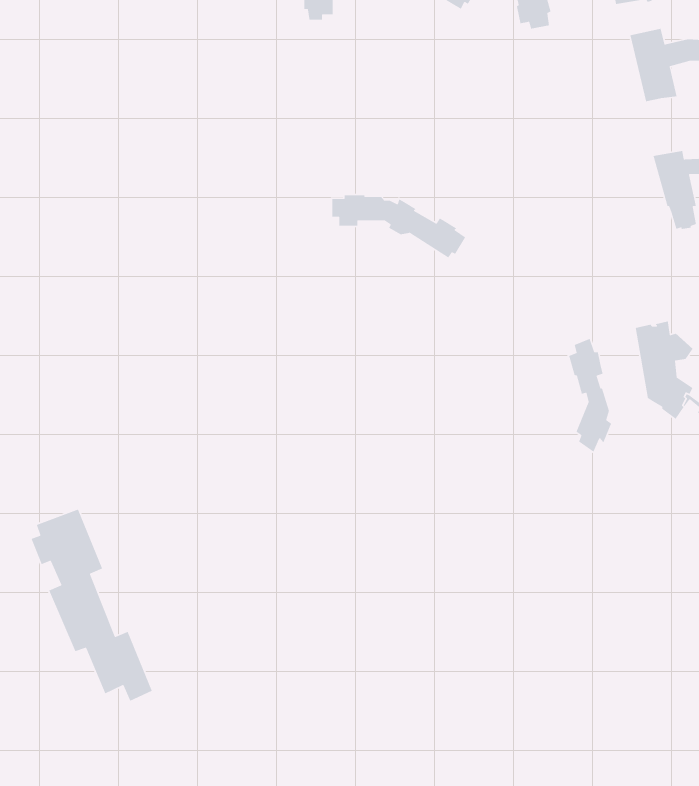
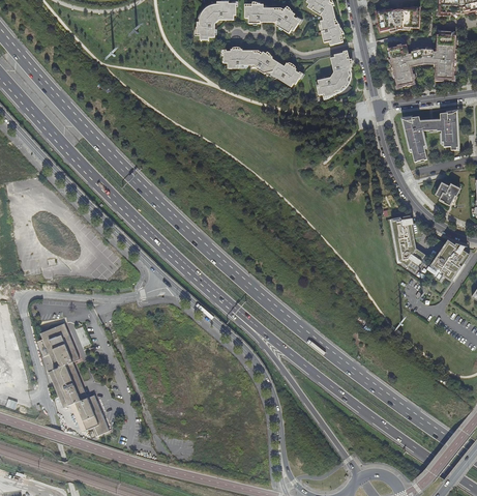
building: none -> [317,50,352,95]
building: [331,195,466,258] -> [223,48,302,85]
building: [568,338,612,453] -> none

